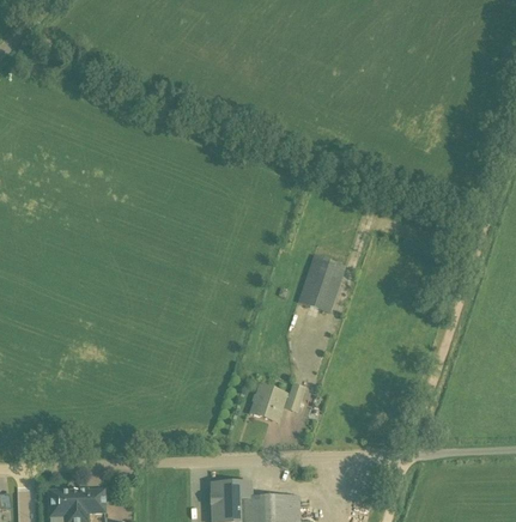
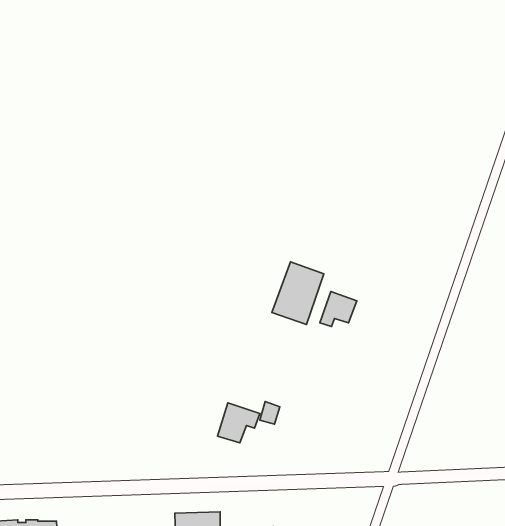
building: none -> [320,291,357,327]

